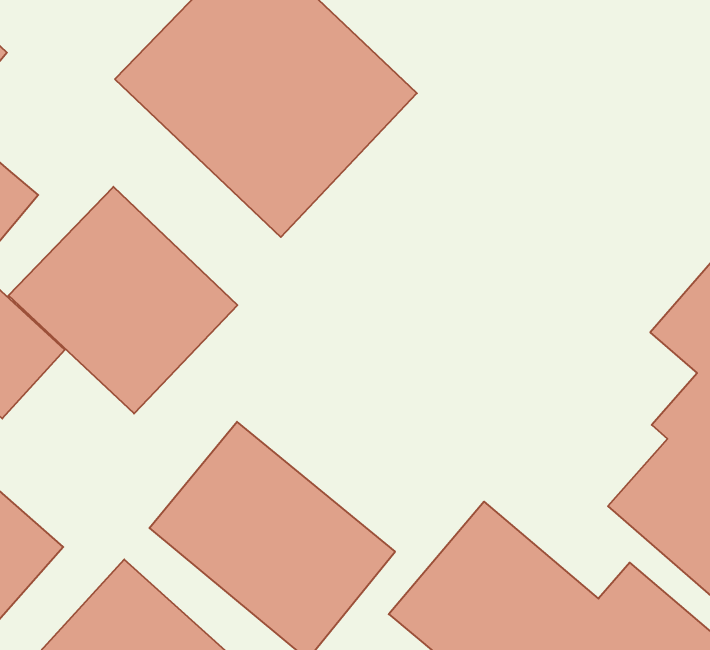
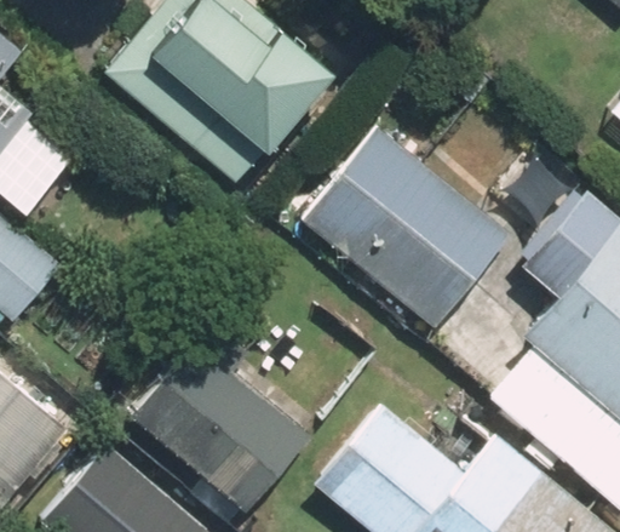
building: none -> [306,137,498,332]
building: [8,187,237,414] -> none

